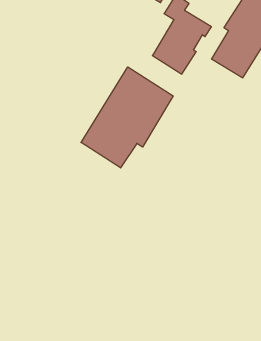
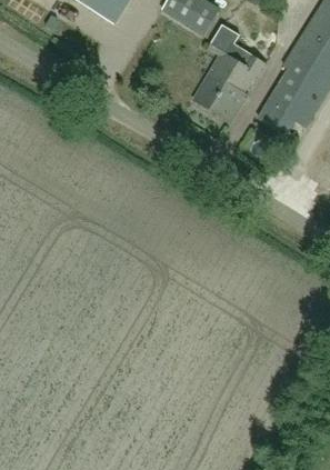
building: [81,67,173,168] -> none

